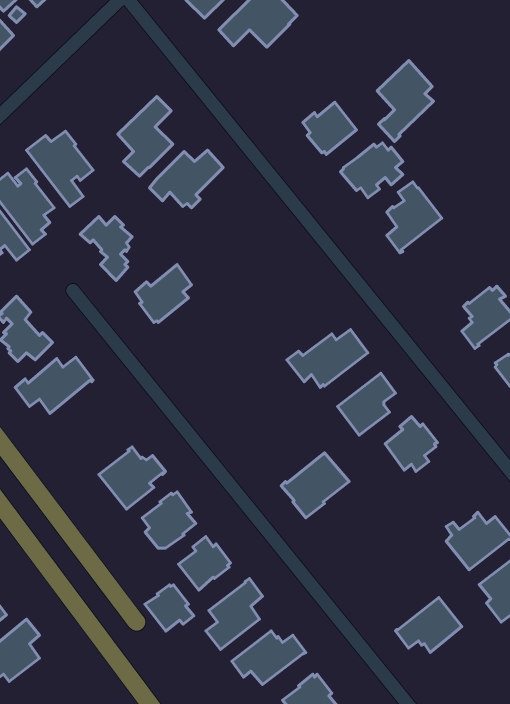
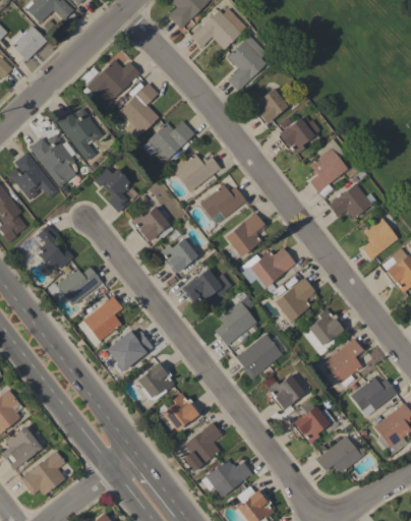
building: [377,61,434,142] -> [227,35,267,92]
building: none -> [85,59,140,107]
building: none -> [170,154,221,192]
building: none -> [328,183,375,219]
building: none -> [199,184,246,219]
building: none -> [225,212,266,259]
building: none -> [161,238,198,274]
building: none -> [182,269,232,309]
building: none -> [83,296,122,341]
building: none -> [215,296,256,346]
building: none -> [324,337,363,383]
building: none -> [268,374,304,411]
building: none -> [292,406,334,444]
building: [145,585,194,631] -> none

